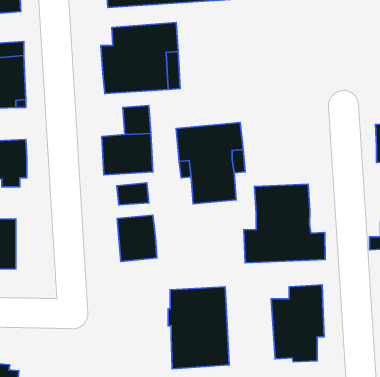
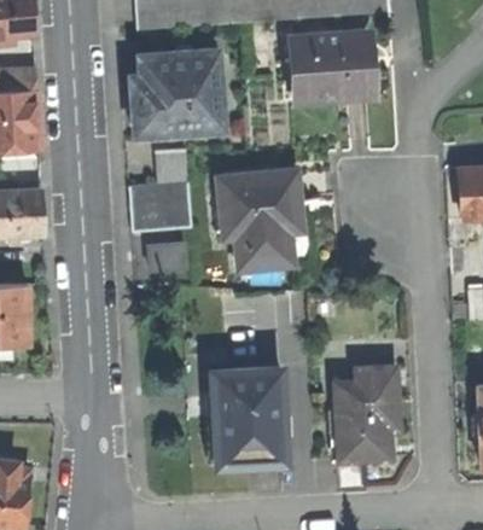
building: none -> [292,31,371,99]
building: [244,184,325,263] -> none
building: [117,215,157,261] -> none

